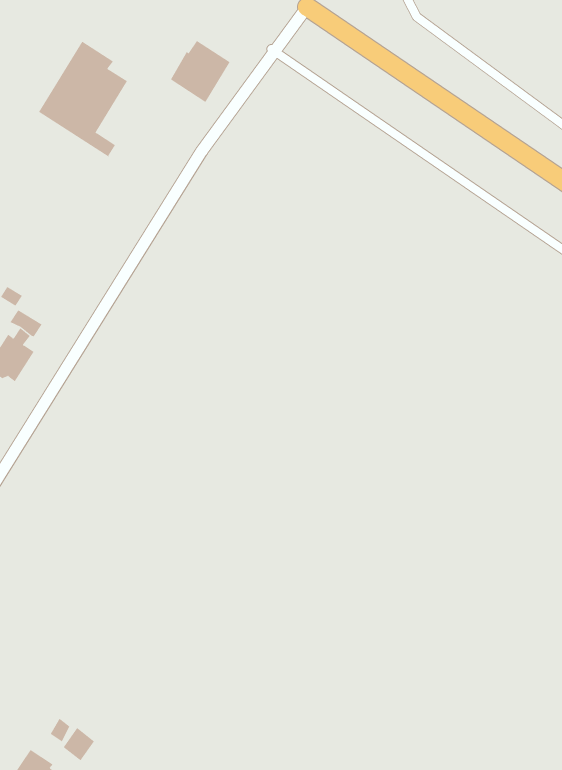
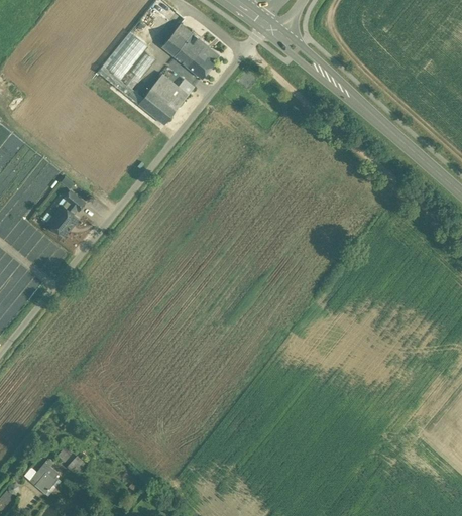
building: none -> [160,23,200,61]
building: none -> [137,74,193,124]

